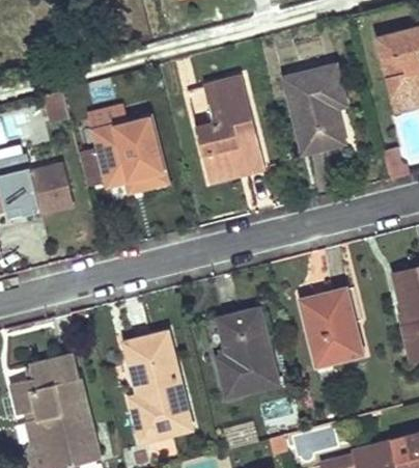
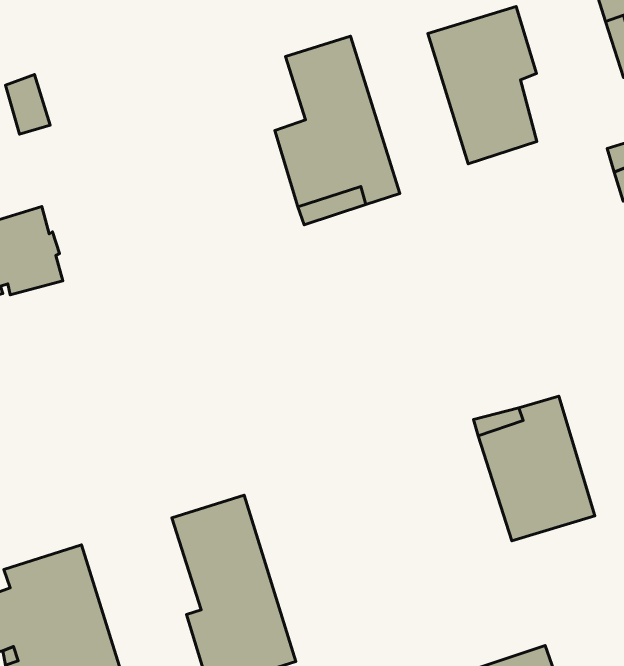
building: [79,106,167,187] -> none
building: [218,309,278,395] -> none

